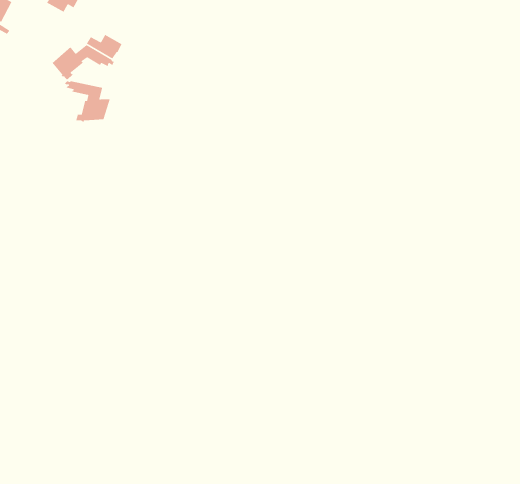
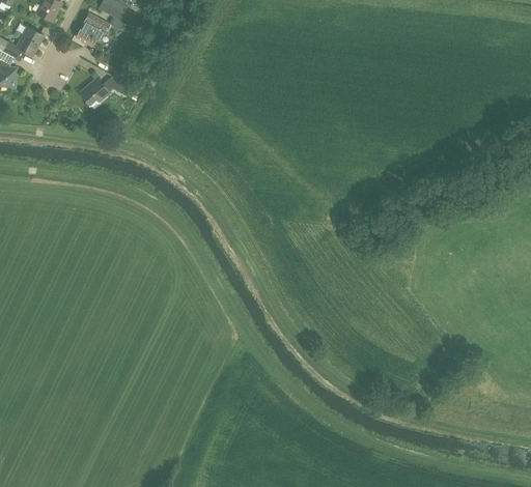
building: [64,80,111,123] -> none

